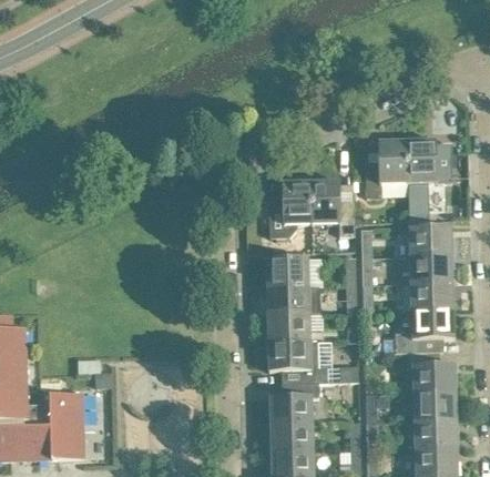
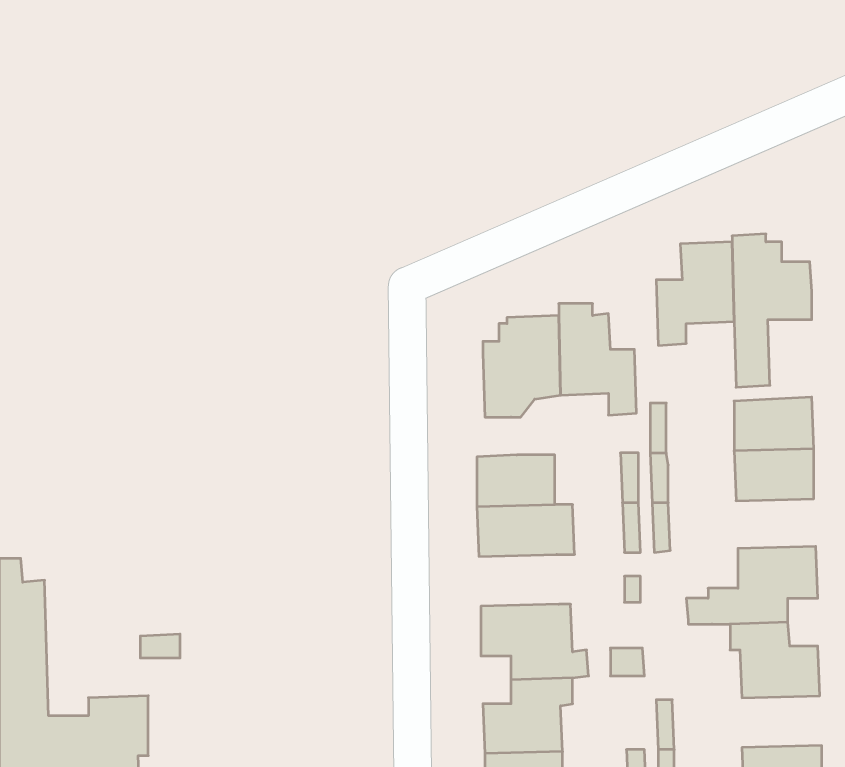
building: [410,281,455,308] -> none
building: [267,312,312,341] -> none
building: [414,390,458,419] -> none

